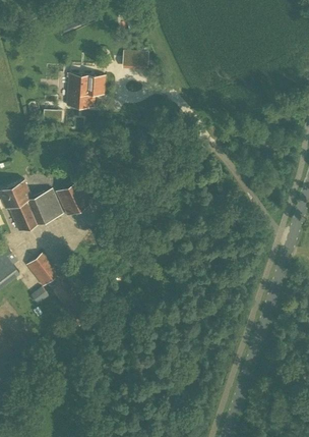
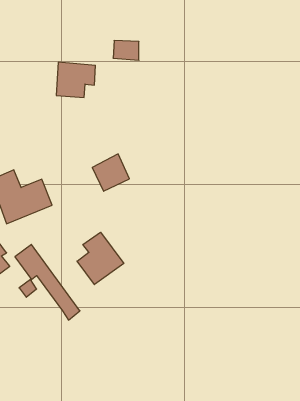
building: [55,179,91,216] -> [92,154,129,191]
building: none -> [77,232,124,285]

